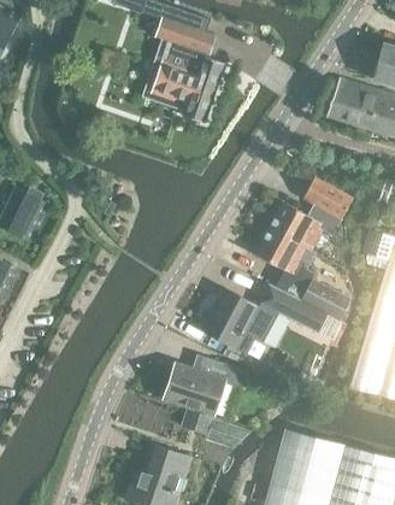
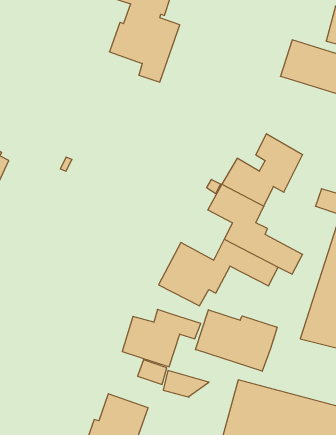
building: none -> [196,310,277,371]

